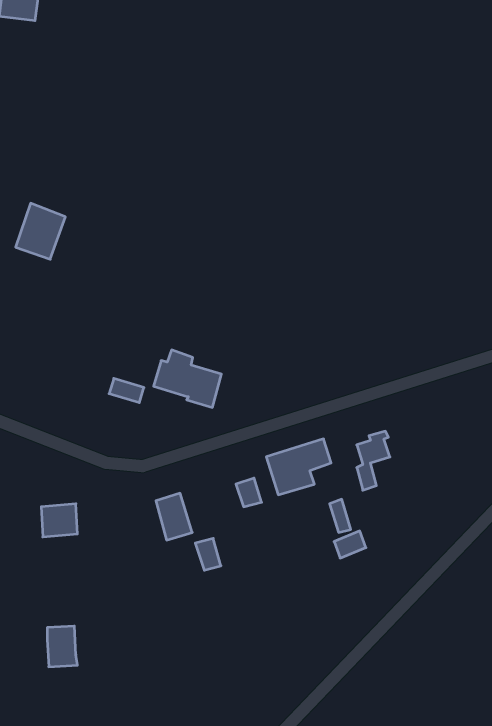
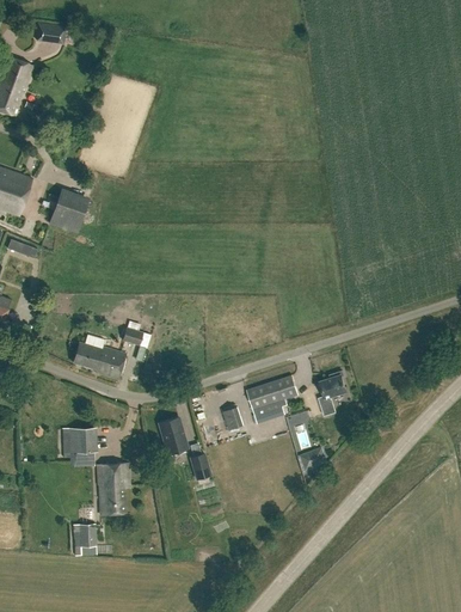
building: [154,350,221,407] -> [73,335,127,380]
building: none -> [97,465,129,513]

